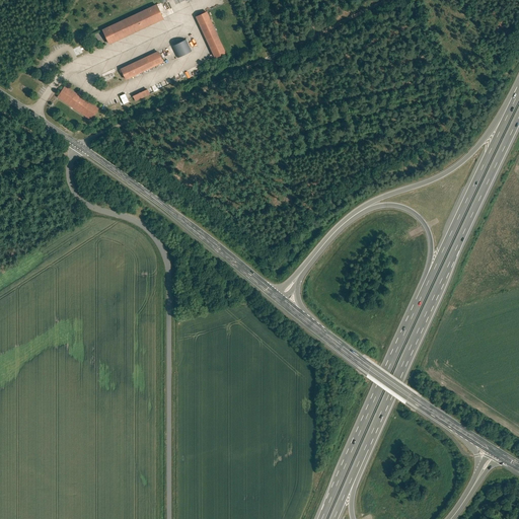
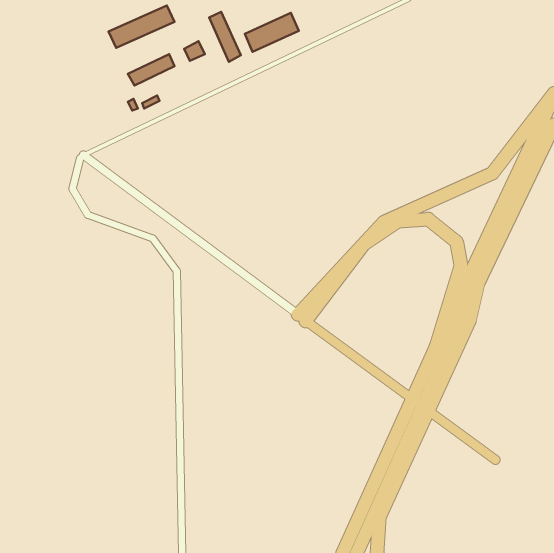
building: none -> [245,13,299,52]
building: [57,84,98,119] -> none

